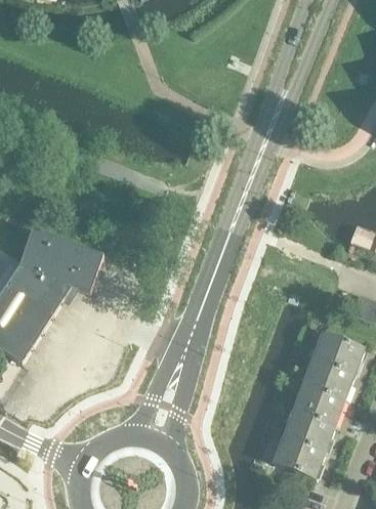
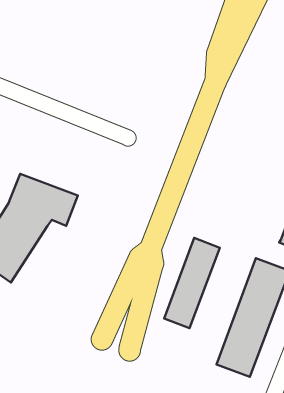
building: none -> [164,238,220,328]

